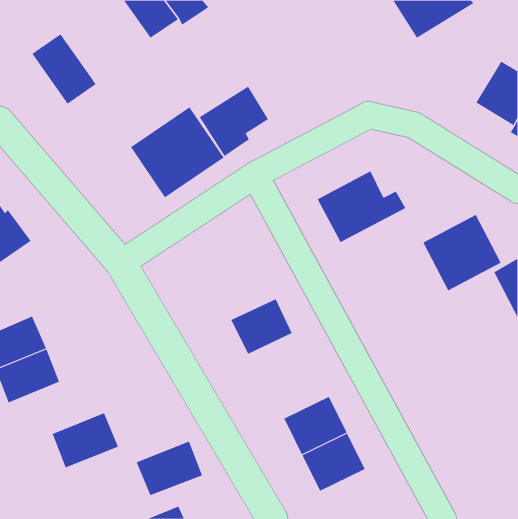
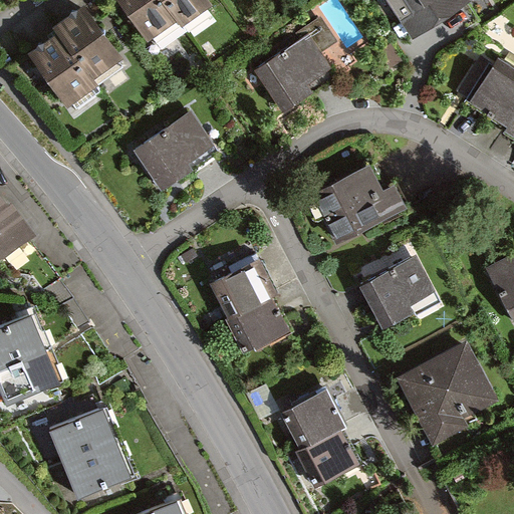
building: none -> [56,9,117,77]
building: [199,86,269,157] -> [258,38,327,108]
building: [422,214,502,291] -> [357,251,436,327]
building: none -> [212,261,273,316]
building: none -> [401,348,490,438]
building: [136,441,203,496] -> [64,442,131,496]

